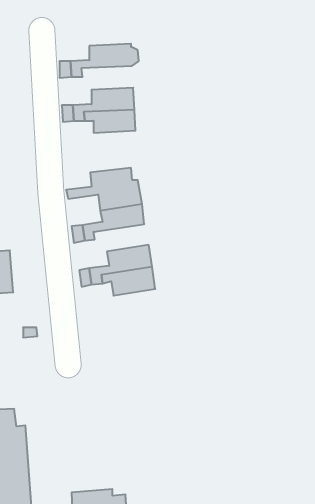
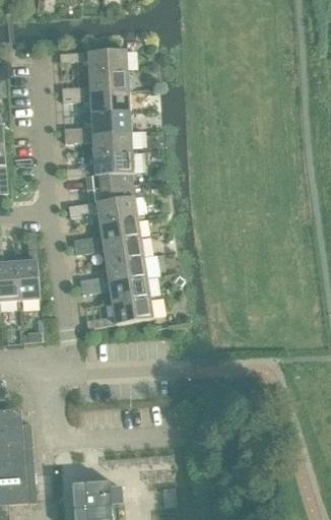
building: none -> [59,49,127,72]
building: none -> [81,90,129,113]
building: none -> [65,150,132,189]
building: none -> [15,232,40,300]
building: none -> [92,237,143,262]
building: none -> [85,297,152,328]

